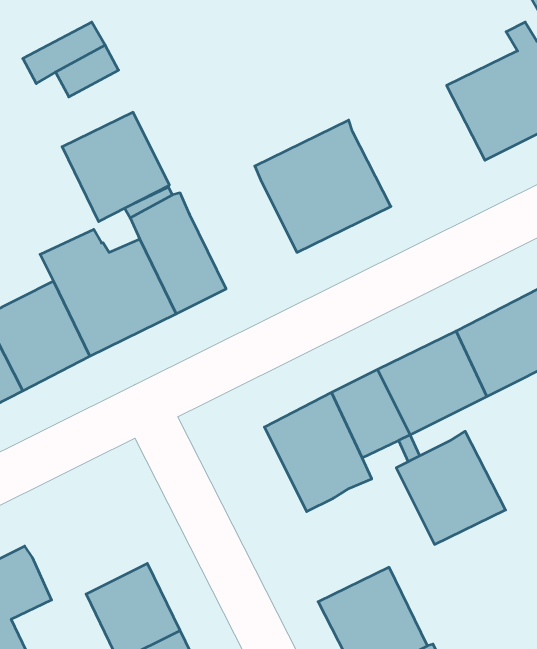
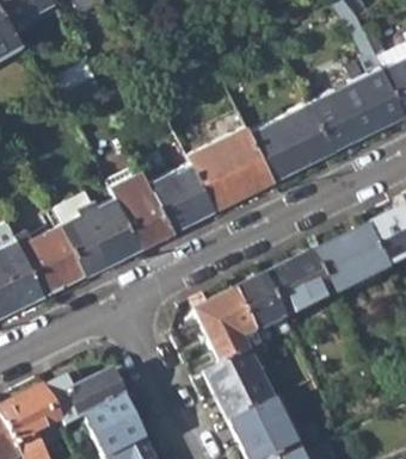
building: none -> [251,101,333,176]
building: [62,112,169,222] -> [149,160,216,228]
building: [396,431,506,544] -> [205,352,273,422]
building: none -> [51,372,123,426]

